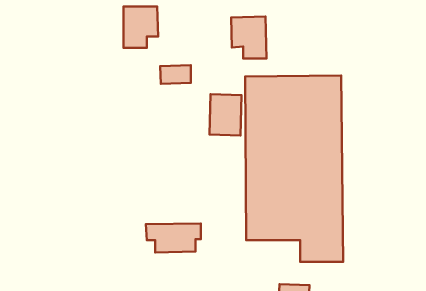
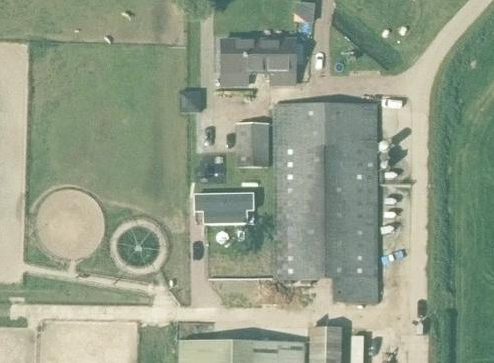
building: [123,7,158,48] -> [222,40,259,84]
building: [146,223,201,252] -> [193,192,252,223]

